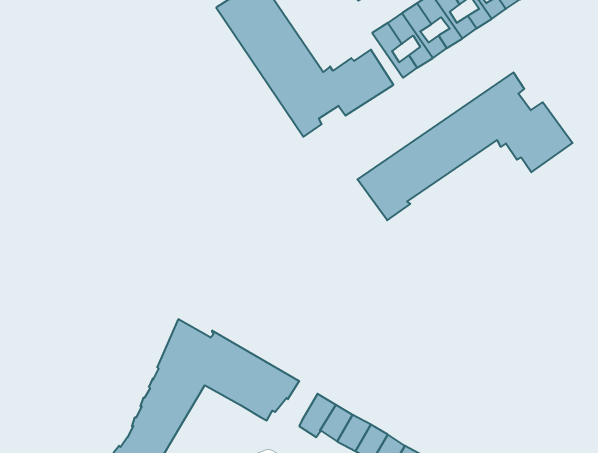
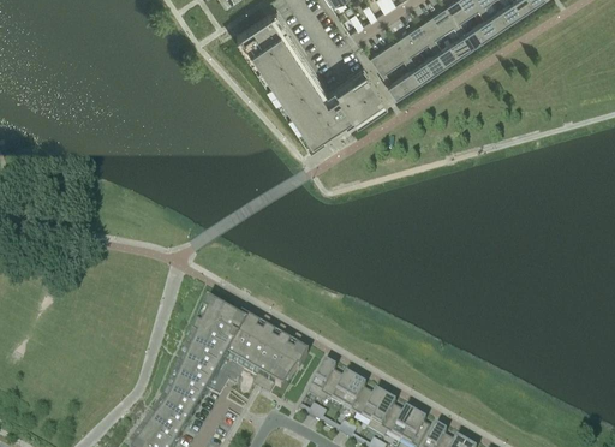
building: [357,72,573,220] -> none

